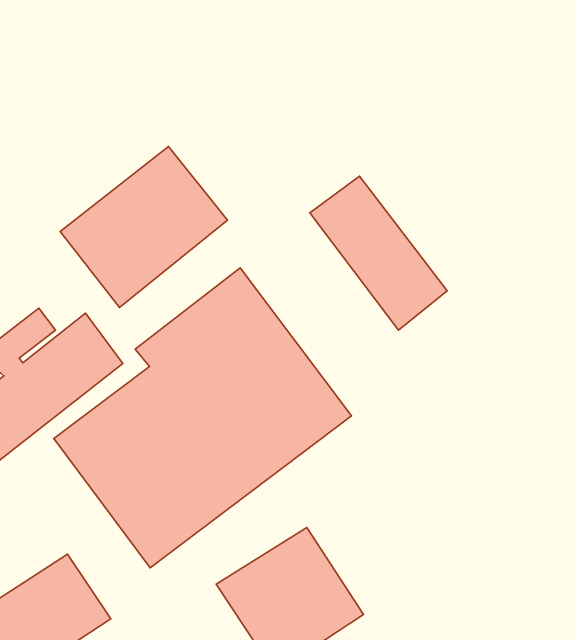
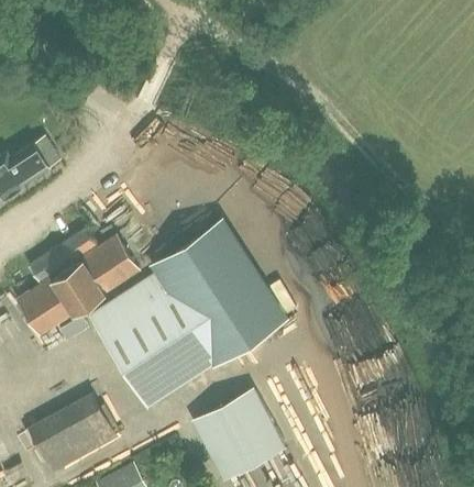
building: [60,146,227,307] -> none
building: [310,176,447,330] -> none

